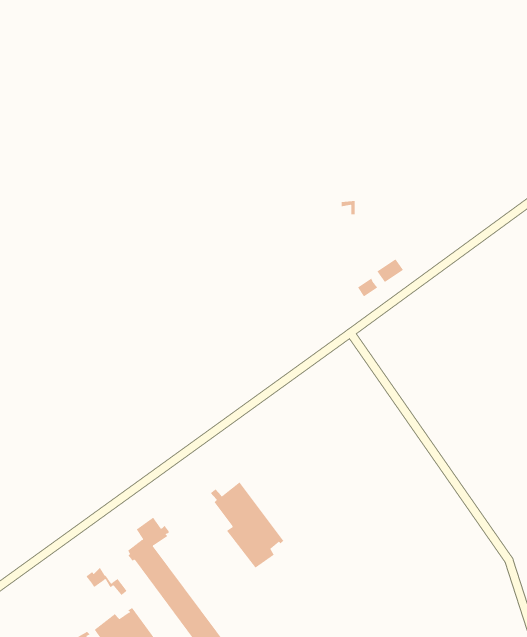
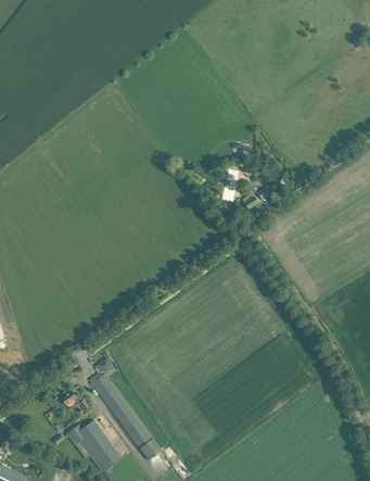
building: [210,482,284,568] -> none

